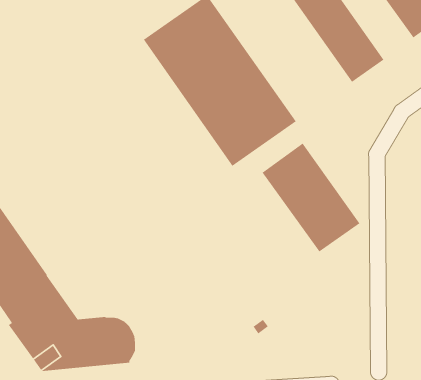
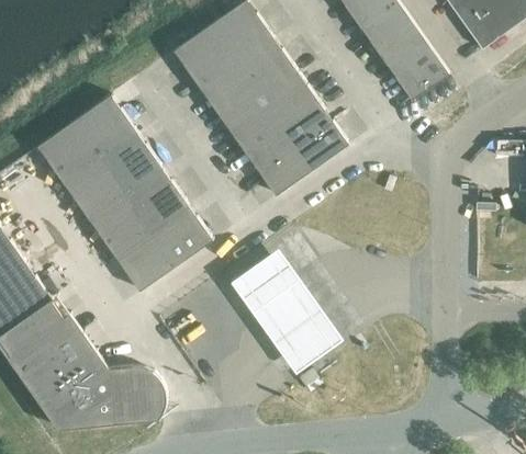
building: none -> [37,94,213,291]
building: [261,143,361,252] -> [231,246,344,371]

